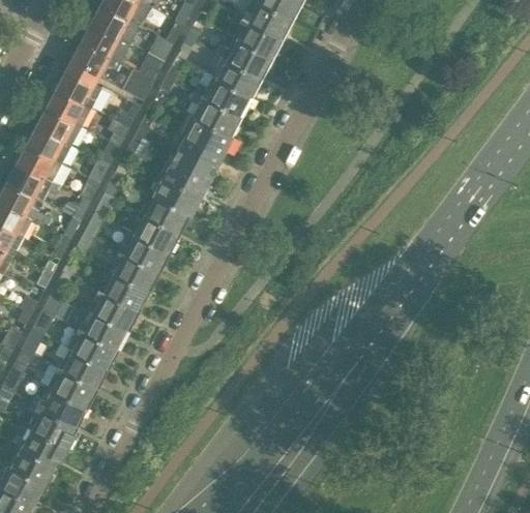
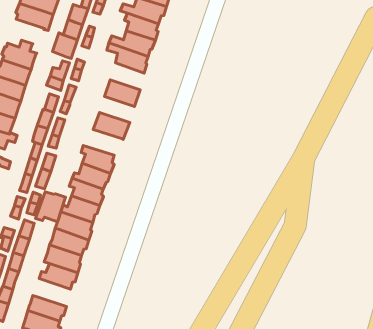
building: [68,40,117,76] -> none
building: [187,115,233,153] -> none
building: [168,154,212,191] -> none
building: [141,192,190,229] -> none
building: none -> [36,192,66,222]
building: [54,365,95,405] -> none

